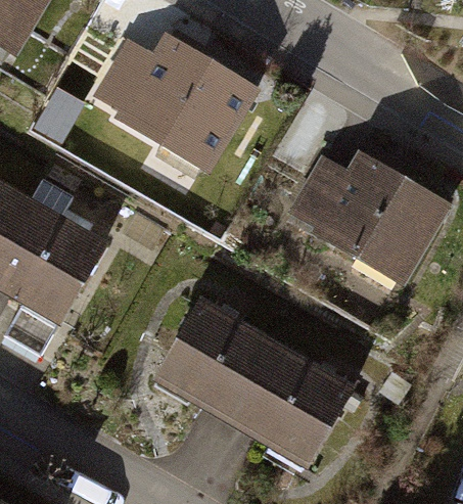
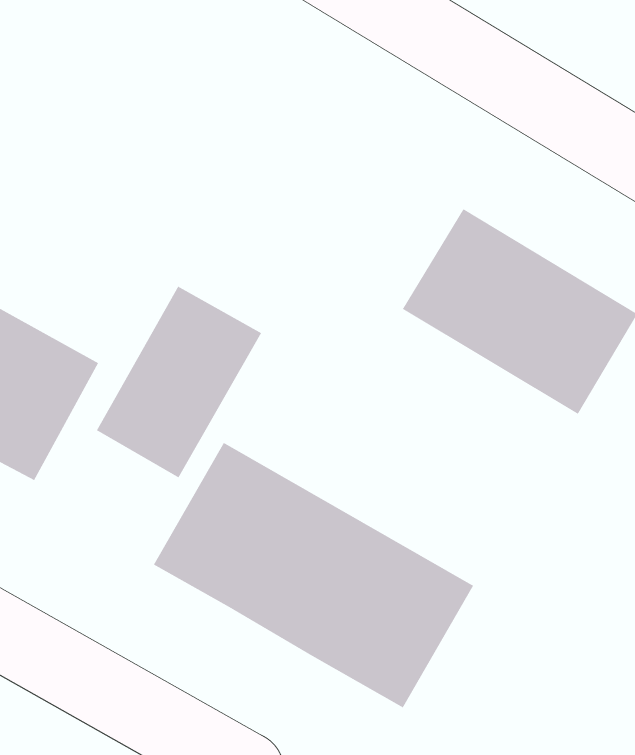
building: [97,20,263,166] -> none
building: none -> [96,286,262,478]

